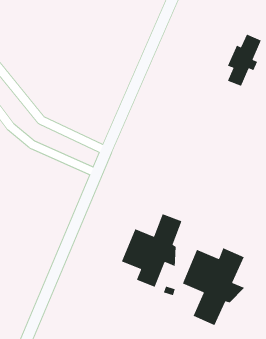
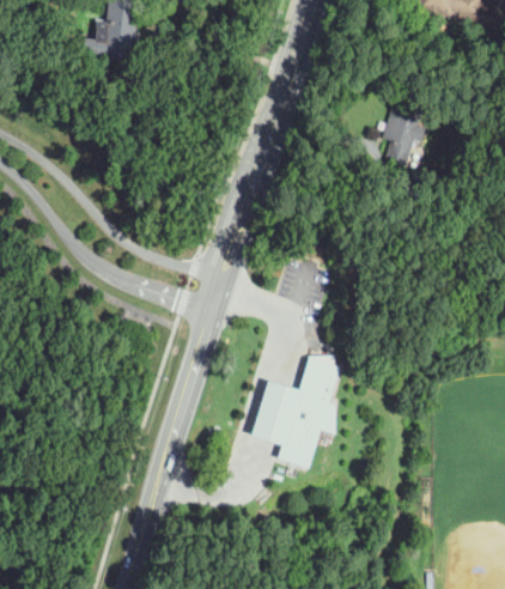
building: [182,247,245,326] -> none

